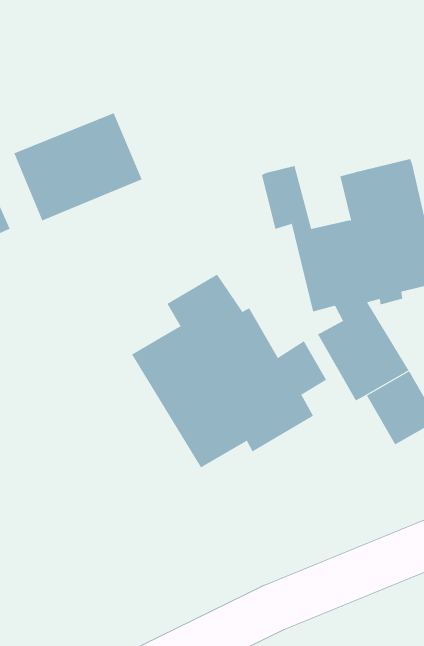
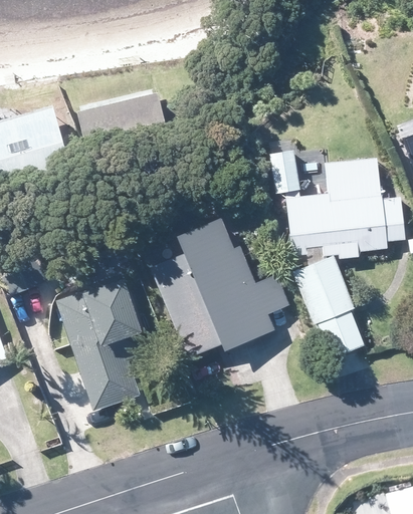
building: none -> [57,276,150,406]

